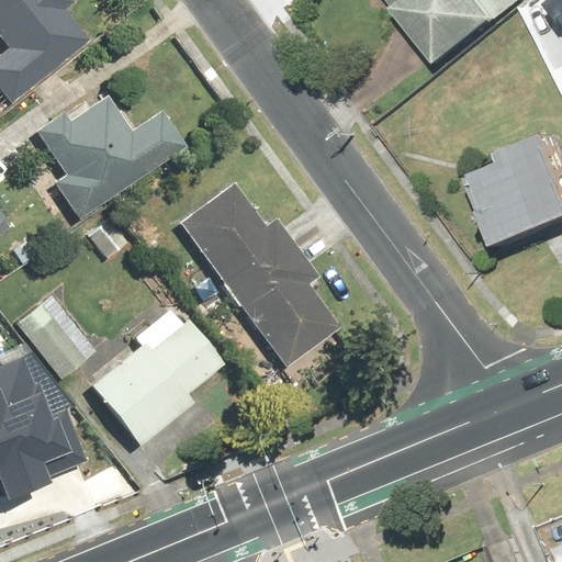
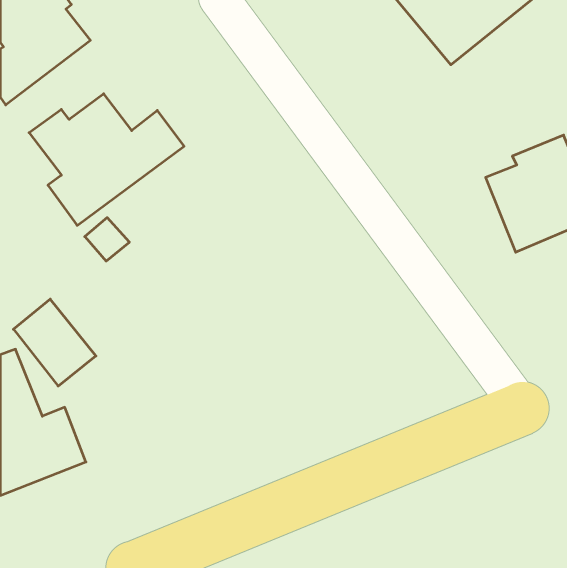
building: [178,181,341,369] -> none
building: [89,305,224,447] -> none

